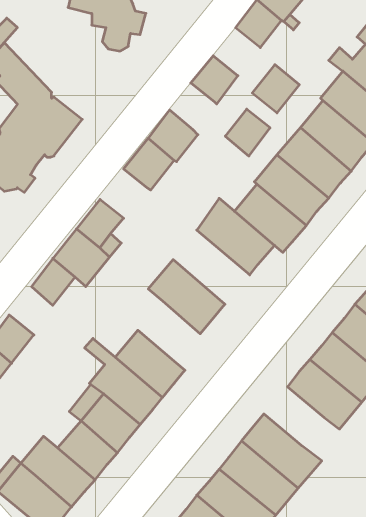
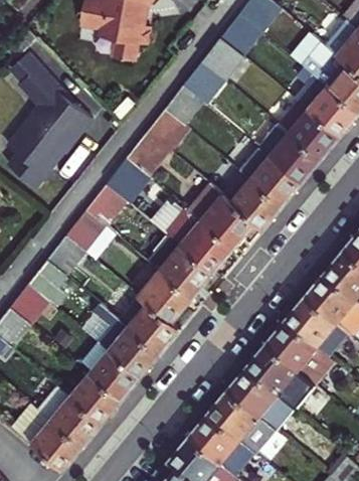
building: [252,65,299,113] -> [203,37,243,78]
building: [225,109,270,156] -> [166,85,204,125]
building: none -> [107,158,147,200]
building: none -> [169,210,234,274]
building: none -> [29,259,66,306]
building: none -> [139,271,192,324]
building: none -> [246,344,298,394]

